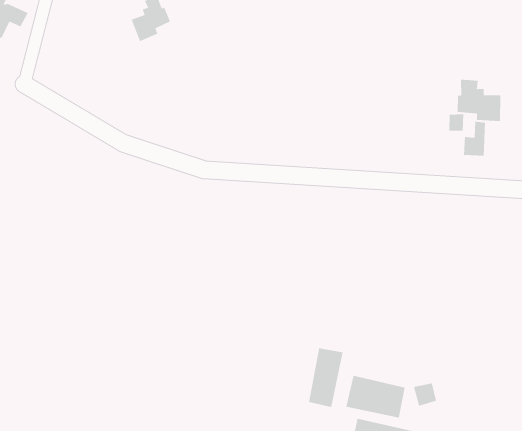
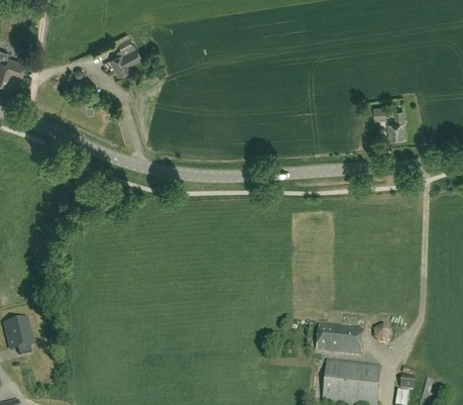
building: [457,79,501,122] -> none
building: [308,348,343,408] -> none

